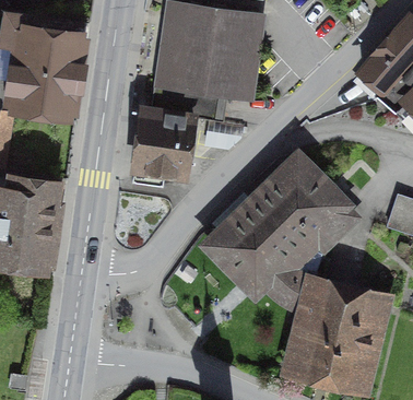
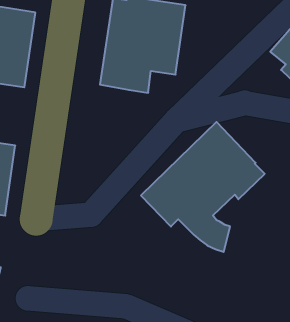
building: [131,107,191,185] -> none
building: [292,279,379,384] -> none

